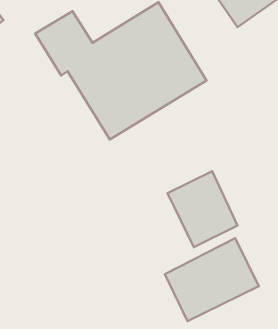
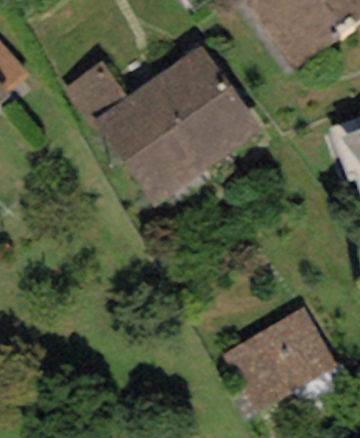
building: [168,171,238,247] -> none

